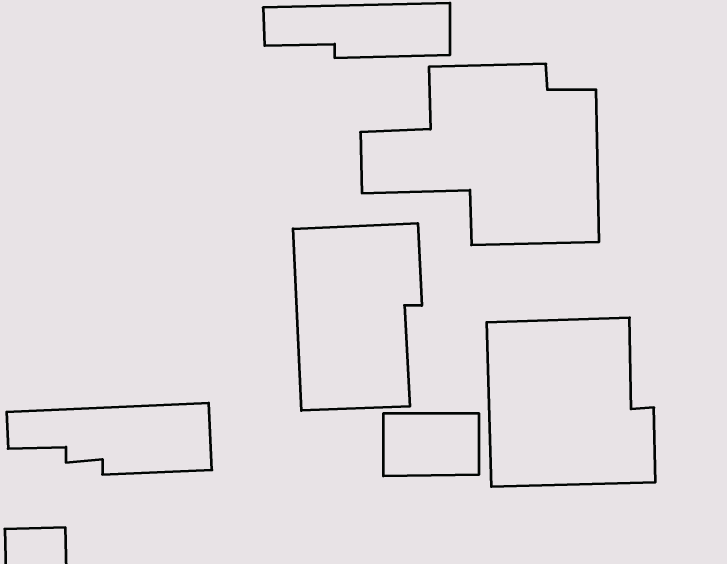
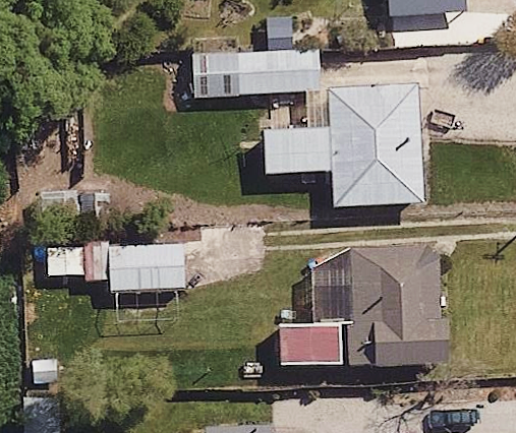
building: [293,223,422,411] -> none
building: [7,403,212,474] -> [46,243,183,291]

